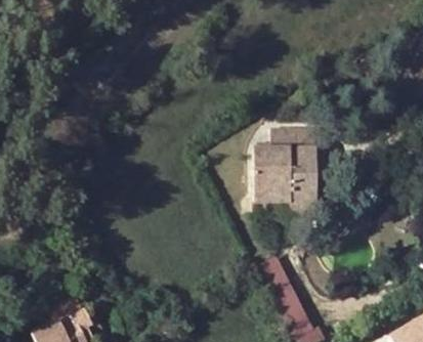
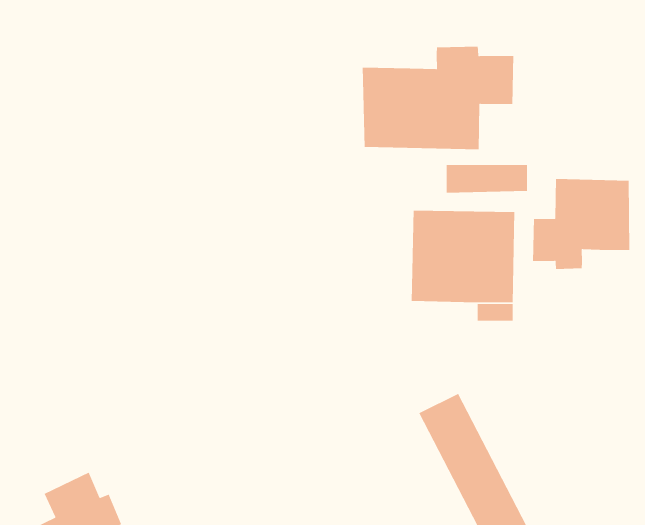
building: none -> [362,46,514,150]
building: none -> [532,178,630,270]

